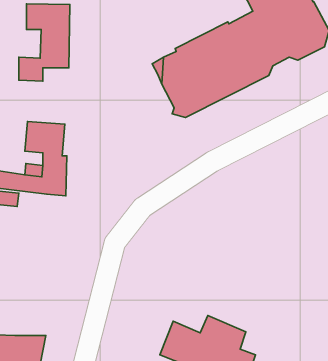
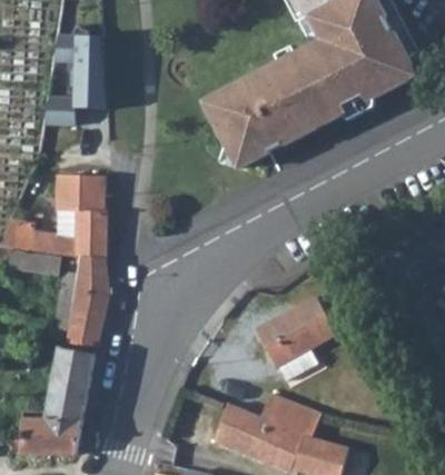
building: none -> [48,254,108,347]
building: none -> [255,299,334,369]
building: none -> [46,347,93,418]

